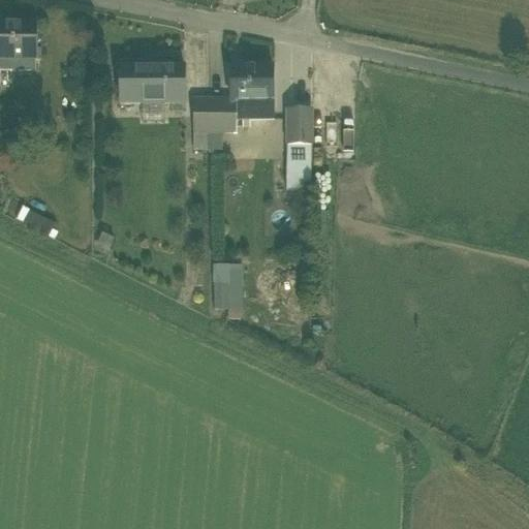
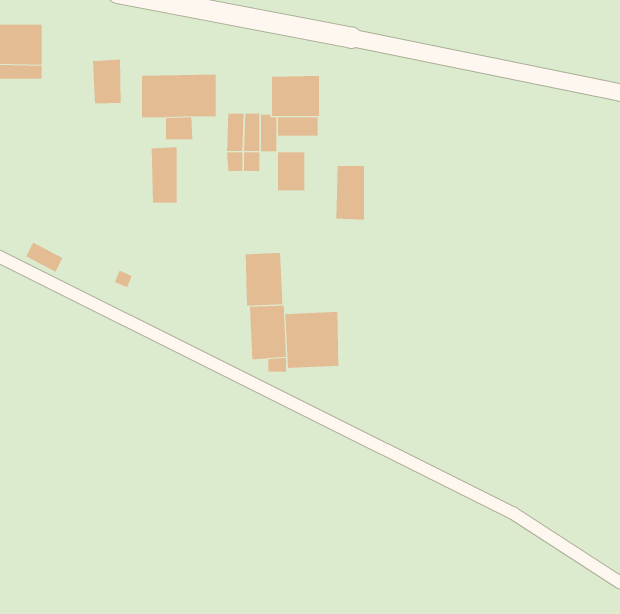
building: none -> [93,59,121,104]
building: [286,107,310,141] -> [277,152,305,191]
building: none -> [151,147,177,203]
building: none -> [245,252,283,307]
building: none -> [285,311,339,369]

